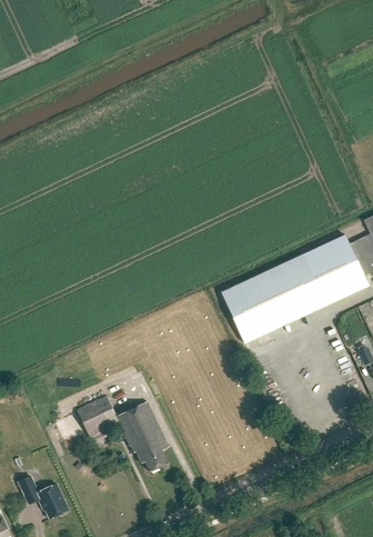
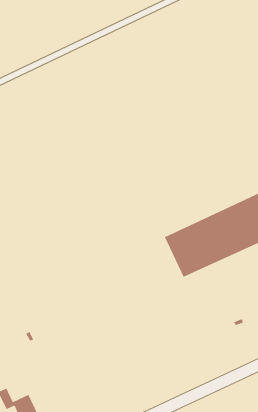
building: [77,396,169,471] -> none

